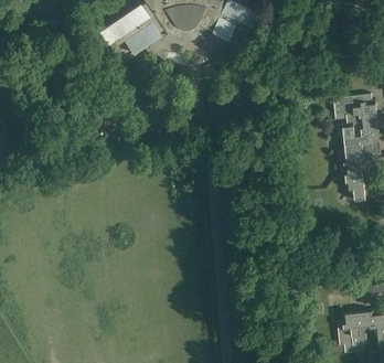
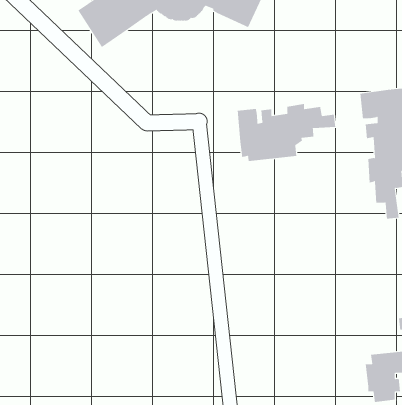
building: none -> [237,103,336,162]

